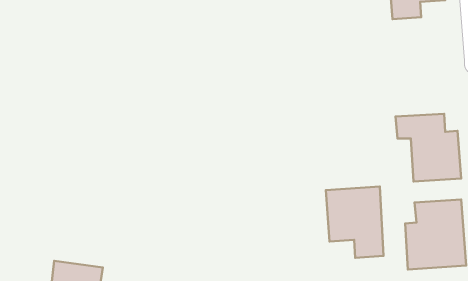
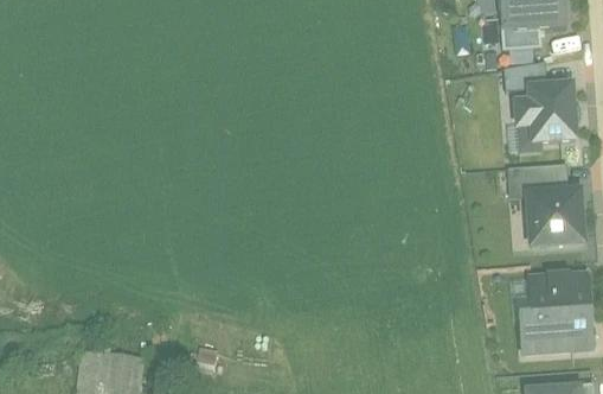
building: none -> [499,61,577,152]
building: [326,187,384,258] -> none

